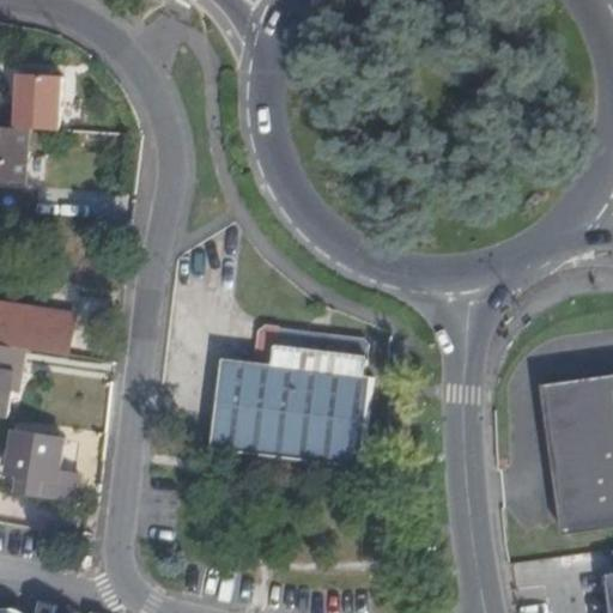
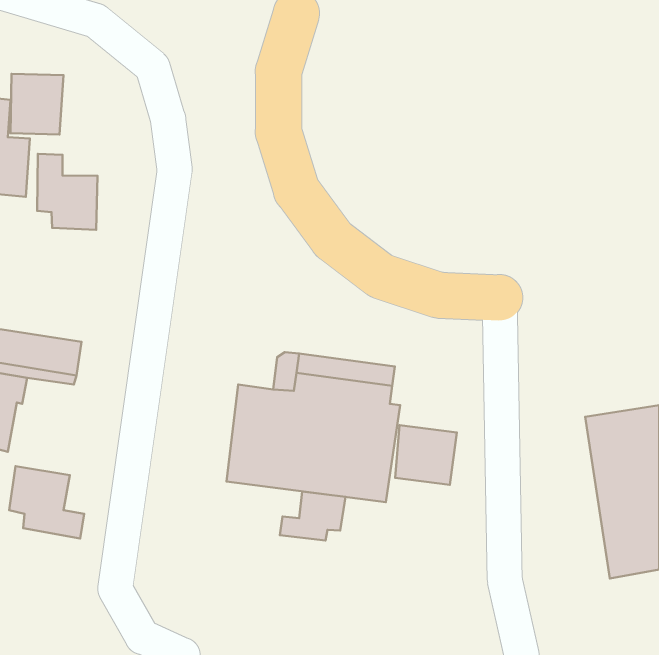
building: none -> [37,154,98,230]
building: none -> [395,425,457,485]
building: none -> [280,491,345,540]

